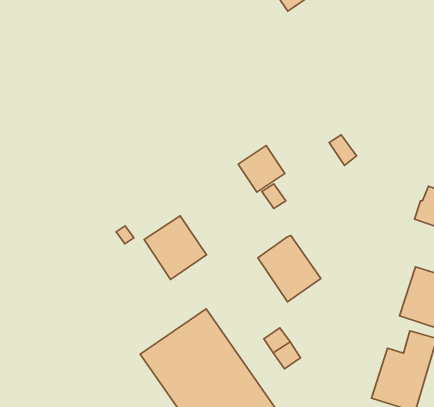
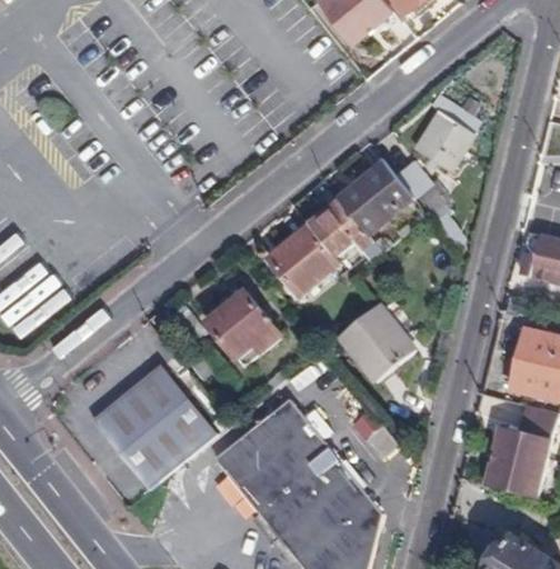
building: none -> [414,110,473,171]
building: none -> [339,163,417,241]
building: none -> [268,224,339,297]
building: none -> [90,362,217,489]

